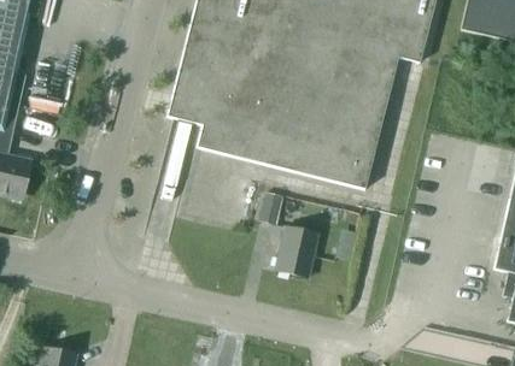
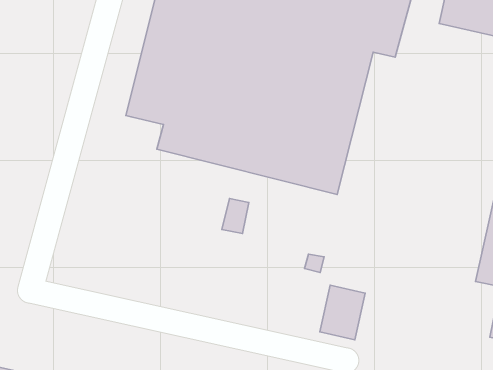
building: [275,226,317,277] -> [320,285,365,340]

